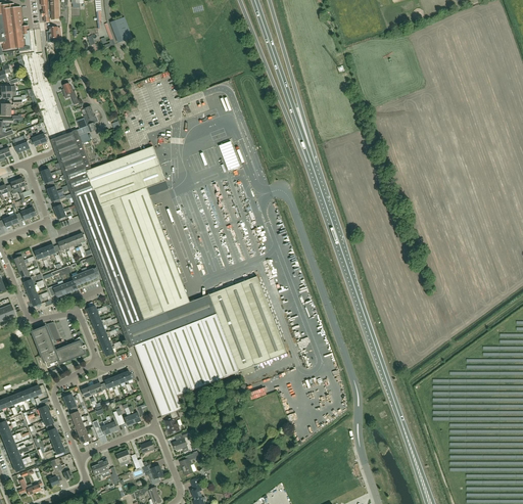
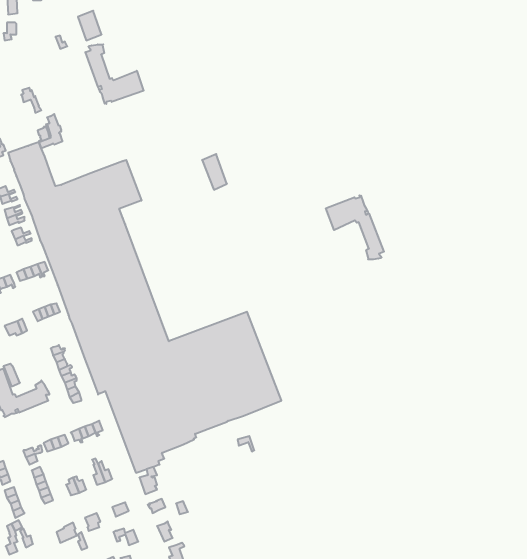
building: none -> [85,44,144,104]
building: none -> [326,195,384,259]

